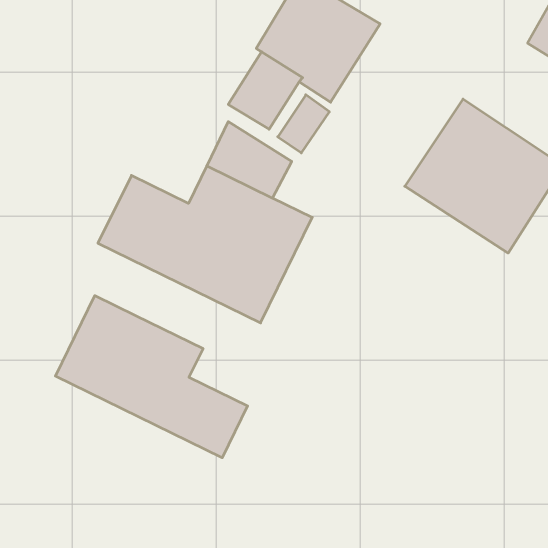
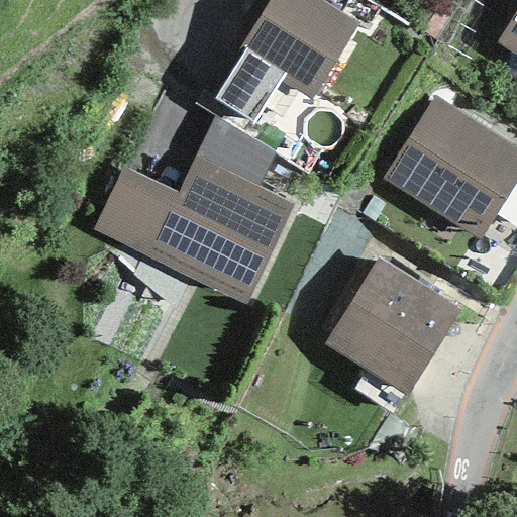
building: none -> [324,256,461,394]
building: [55,296,248,458] -> none

